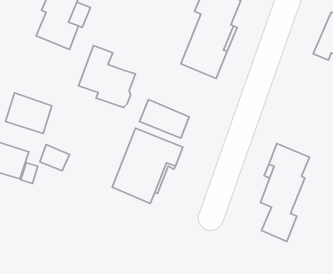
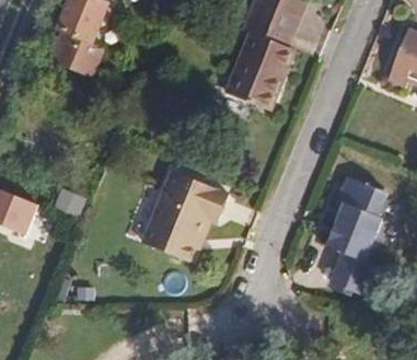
building: [78,45,135,107] -> none
building: [5,93,52,134] -> none
building: [140,100,189,138] -> none

